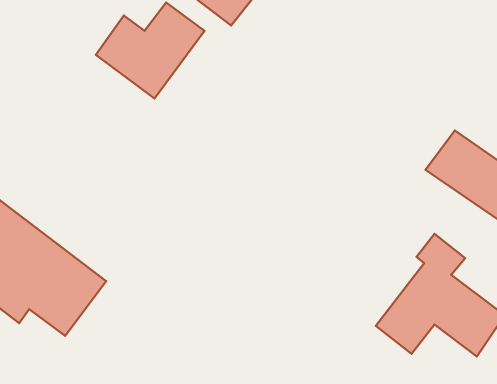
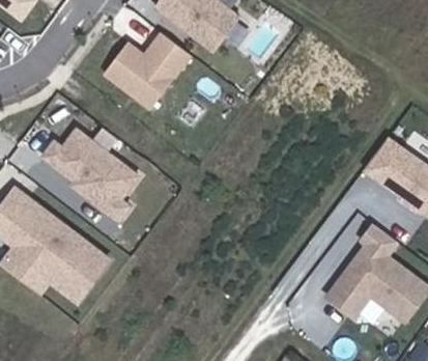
building: none -> [40,128,138,221]

